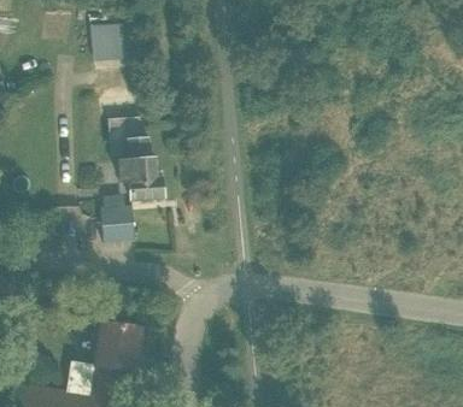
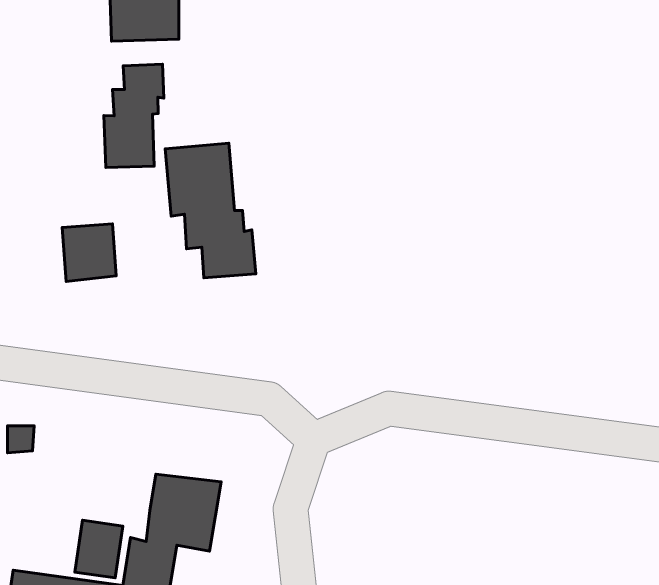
building: none -> [104,64,164,167]
building: [101,205,135,241] -> [62,224,116,282]

